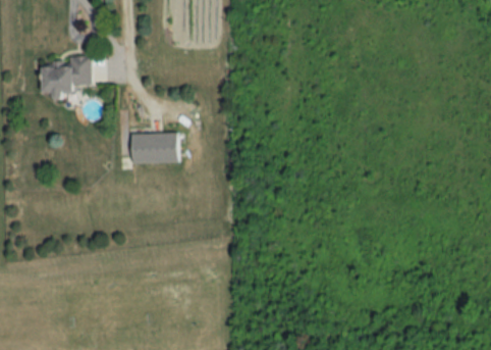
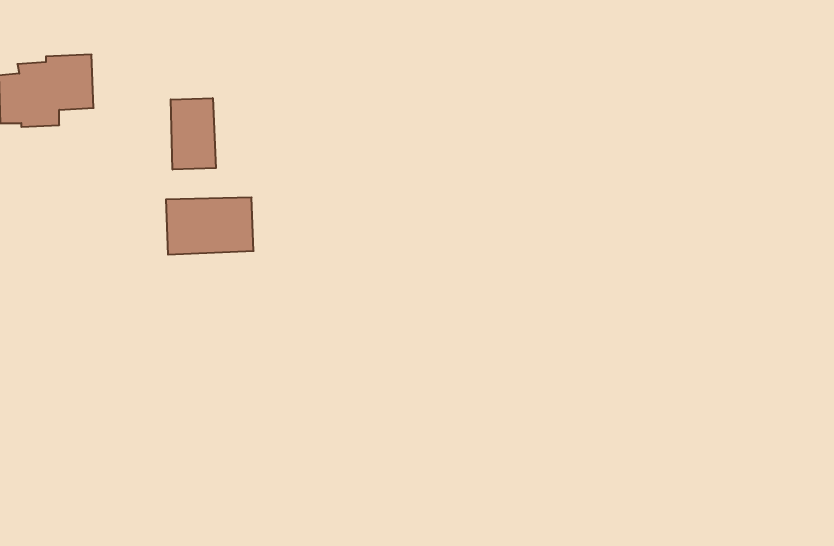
building: none -> [171,98,216,170]

